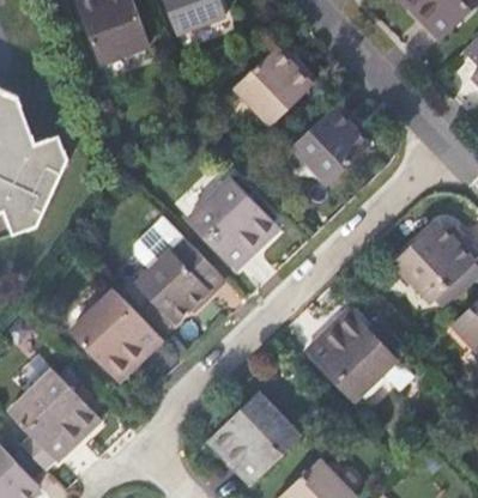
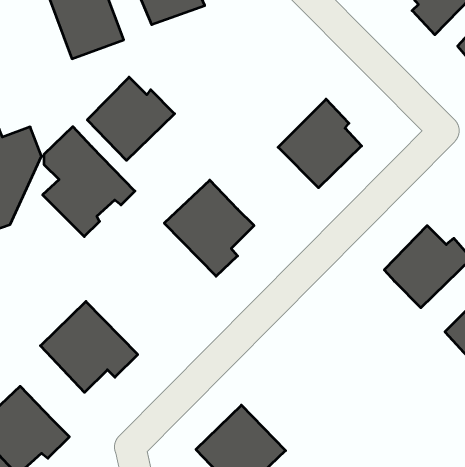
building: [235,47,317,126] -> [87,77,175,160]
building: [135,221,223,326] -> [43,127,135,237]
building: [308,318,415,402] -> none

